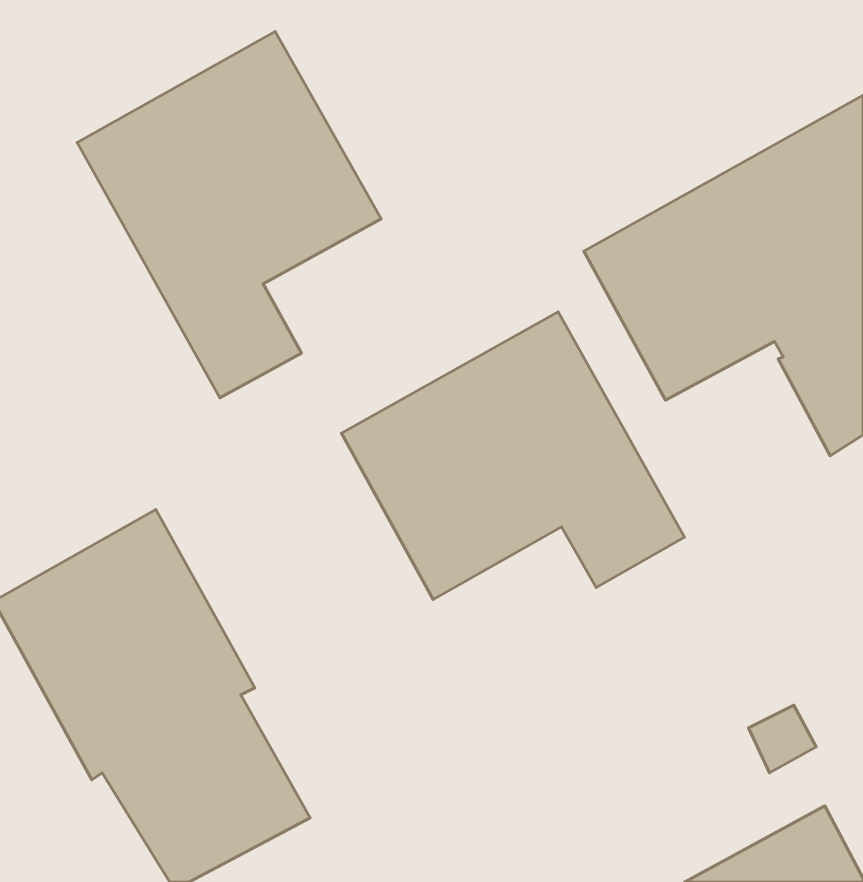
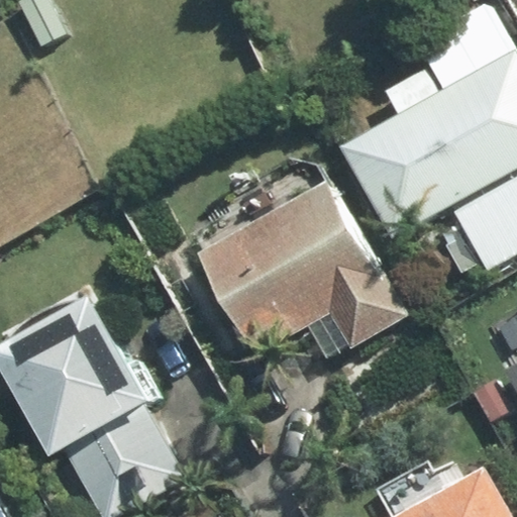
building: [77,32,381,398] -> none

